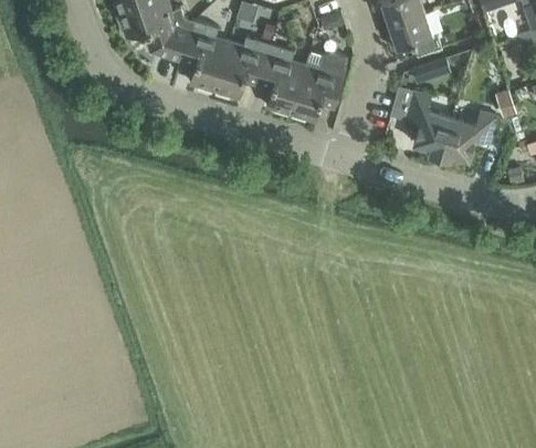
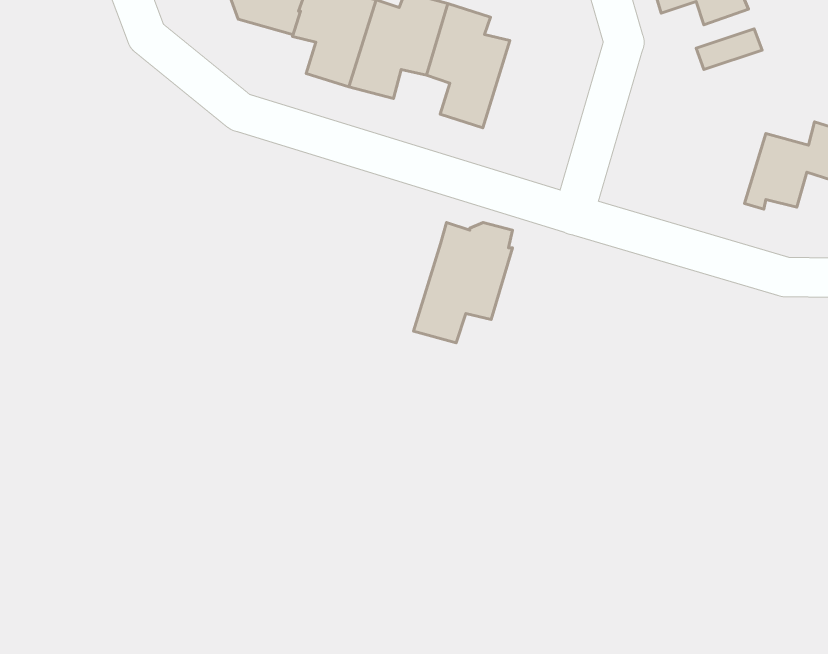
building: [290,52,346,121] -> [413,222,512,343]
building: [404,91,451,157] -> none

